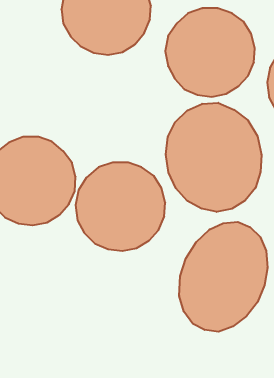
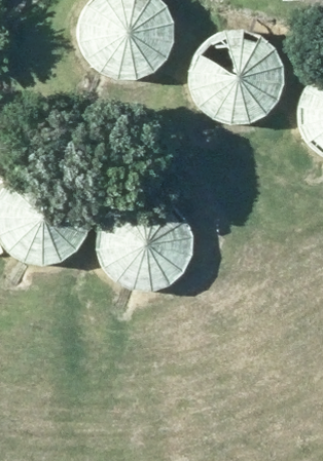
building: [166,103,261,212] -> none
building: [179,222,267,332] -> none

